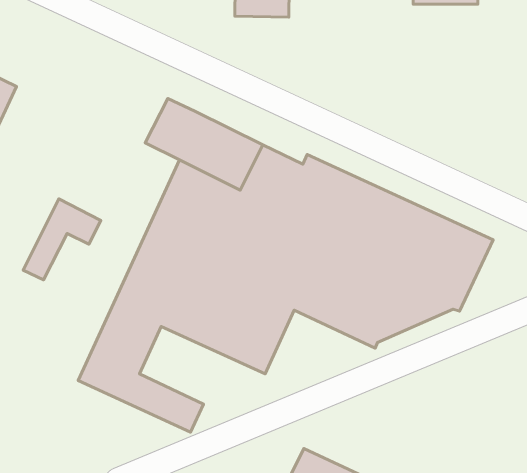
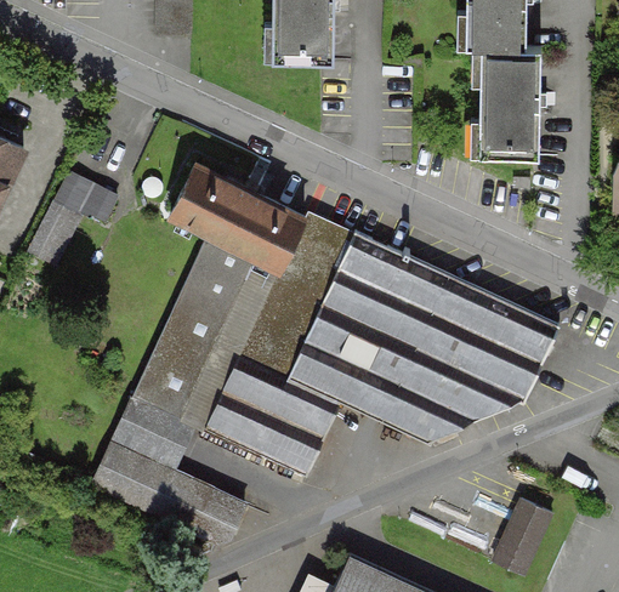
building: none -> [471,57,544,163]
building: [23,199,101,280] -> [29,171,117,262]
building: none -> [489,489,555,571]

